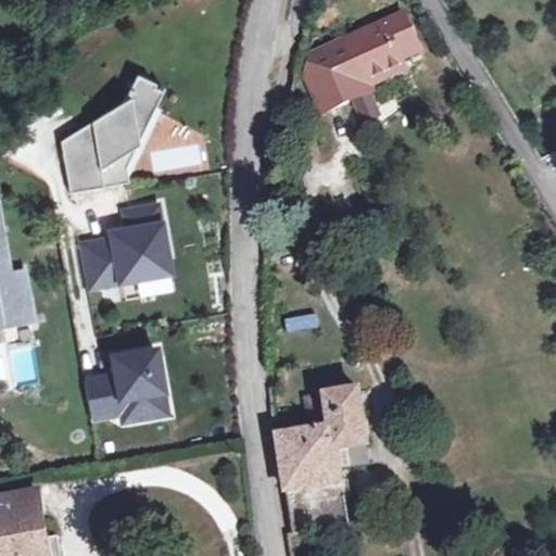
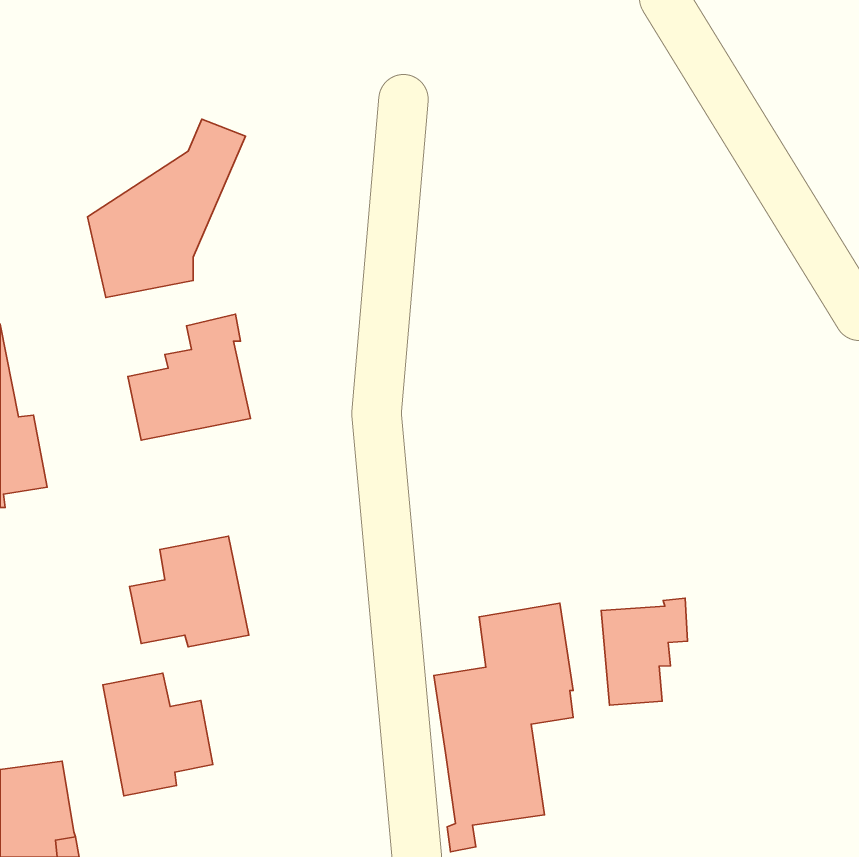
building: [309,14,420,110] -> none
building: none -> [601,598,687,705]
building: none -> [103,673,213,796]

